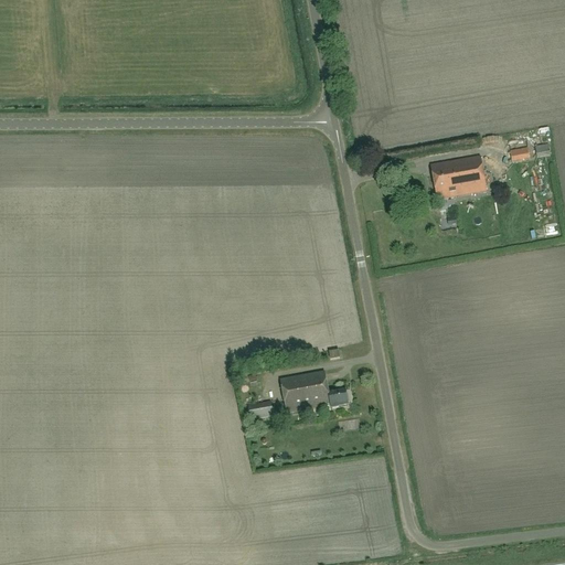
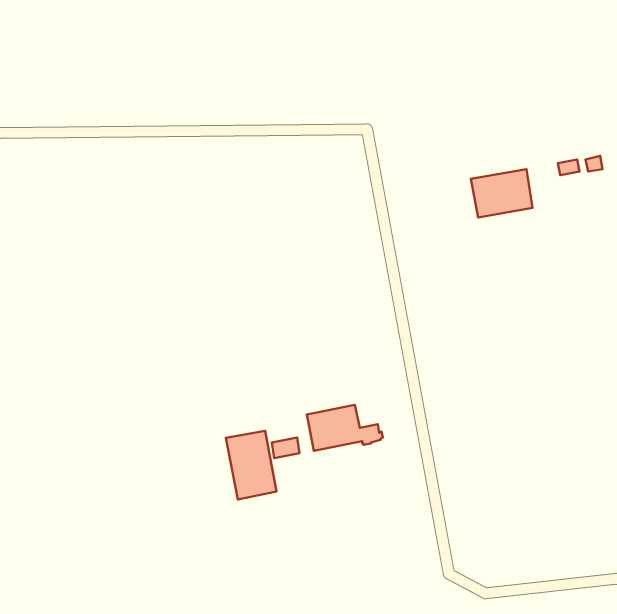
building: none -> [226,431,277,500]

